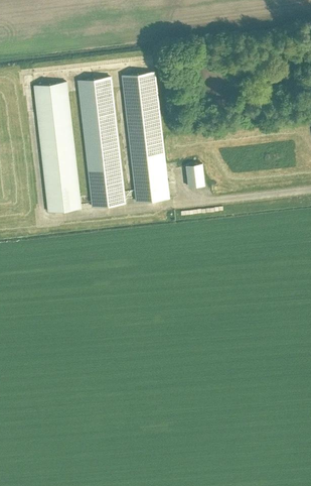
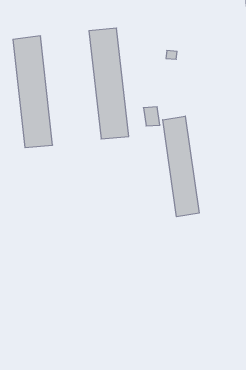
building: [77,77,124,207] -> none
building: none -> [163,116,199,217]

